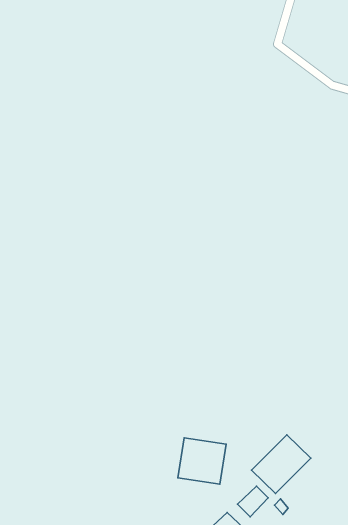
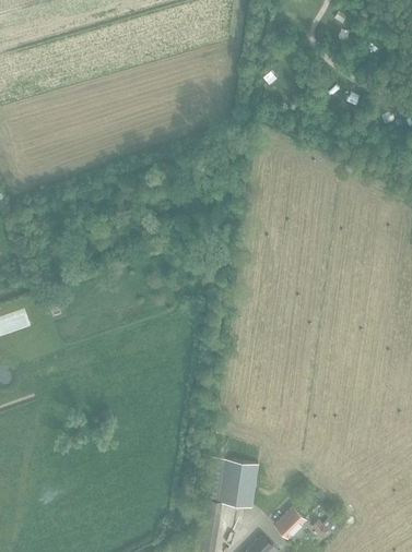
building: [251,435,311,494] -> none

